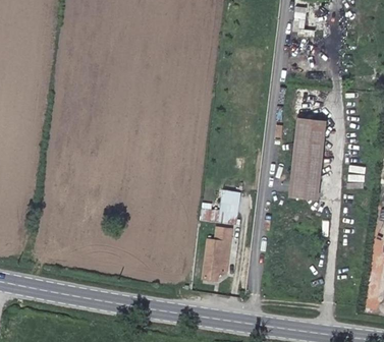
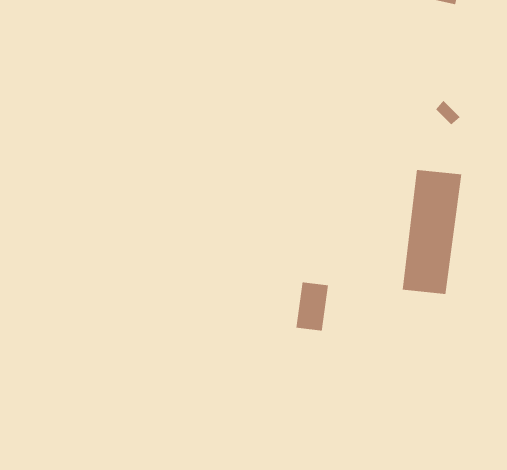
building: [203,226,232,278] -> none

